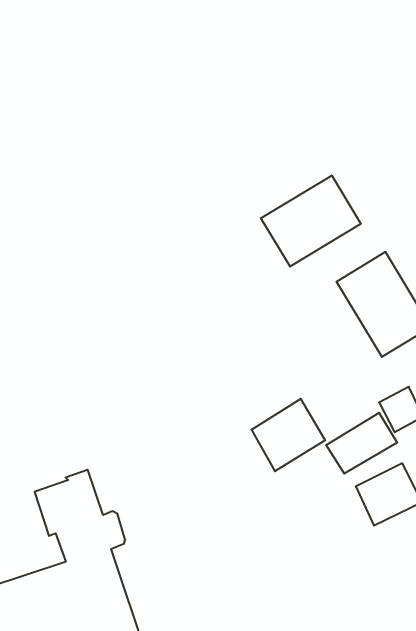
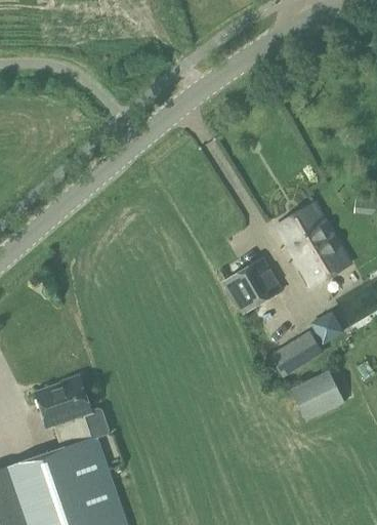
building: [261,175,361,267] -> none
building: [251,399,325,471] -> [223,258,282,316]

